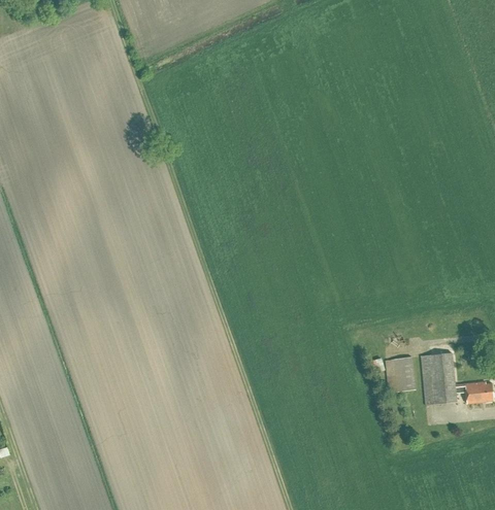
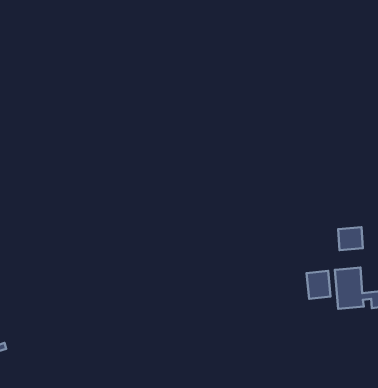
building: none -> [338,227,363,250]

